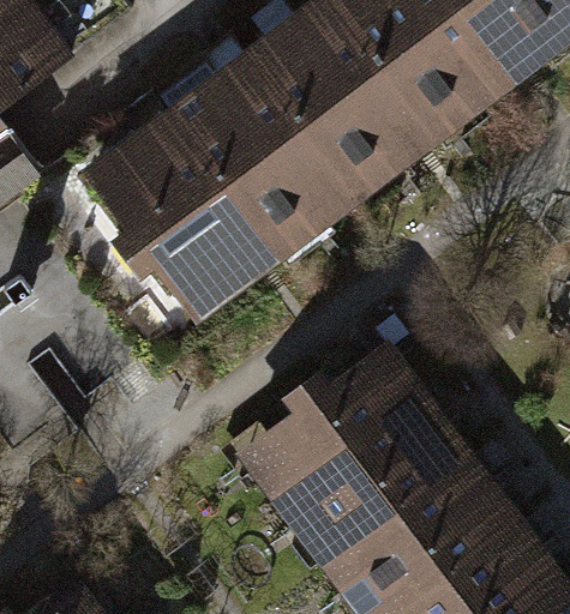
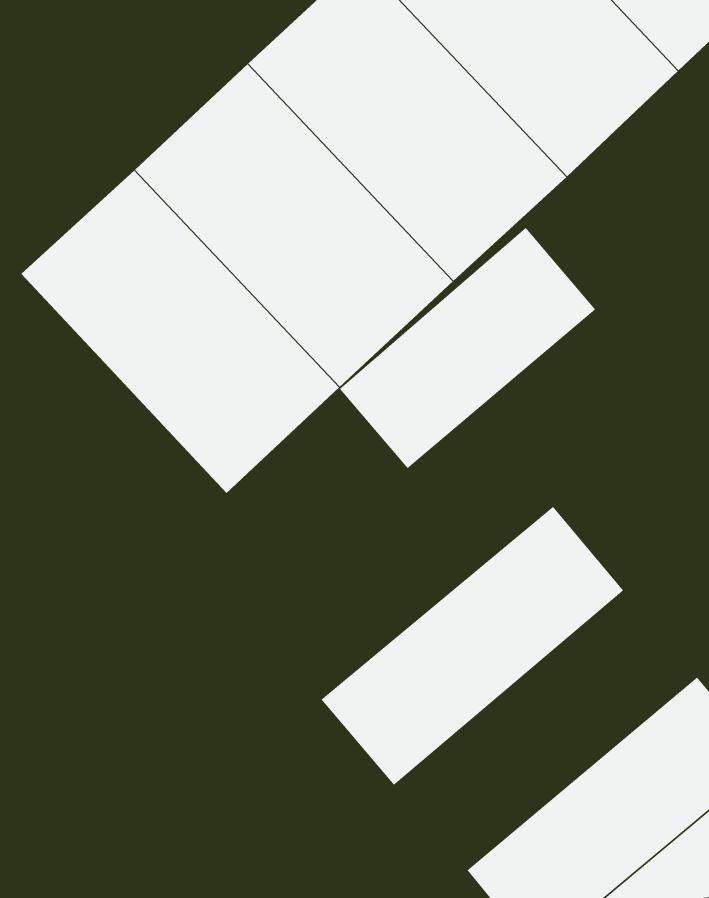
building: none -> [339,227,596,469]
building: [287,410,485,577] -> none

